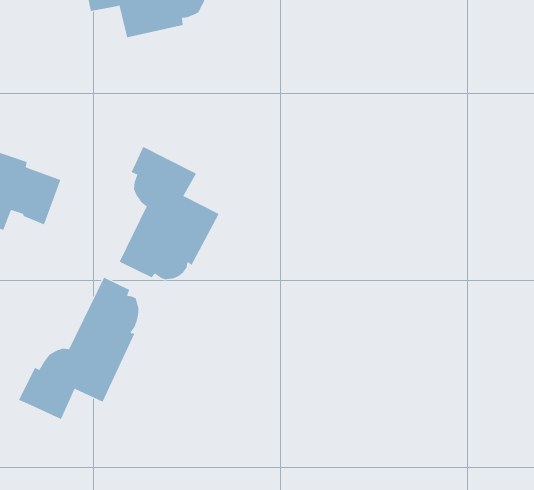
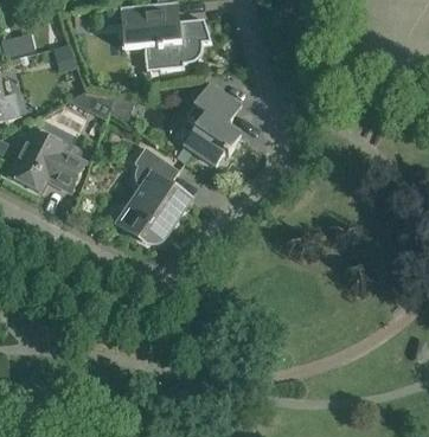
building: none -> [184,82,241,165]
building: [18,277,139,420] -> none

